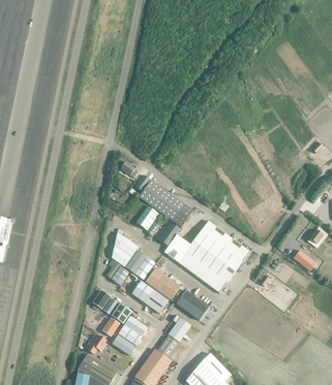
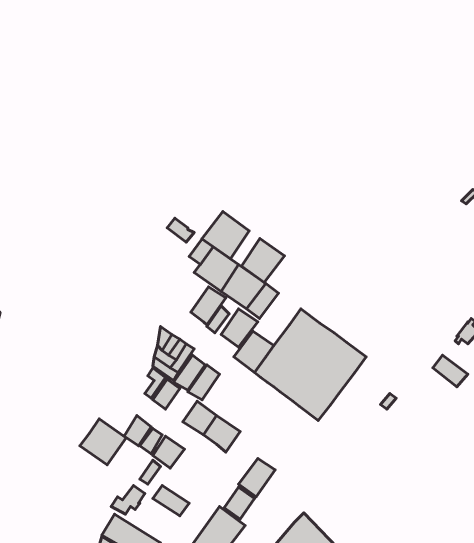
building: none -> [202,212,249,259]
building: none -> [242,239,284,282]
building: [146,268,181,300] -> none
building: [176,290,209,321] -> none
building: [118,316,148,346] -> [80,419,126,465]

